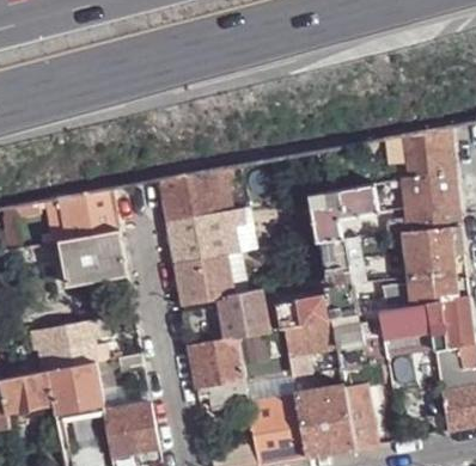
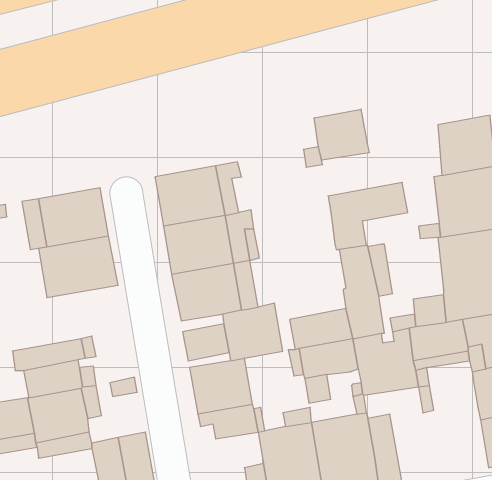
building: none -> [314,109,369,160]

